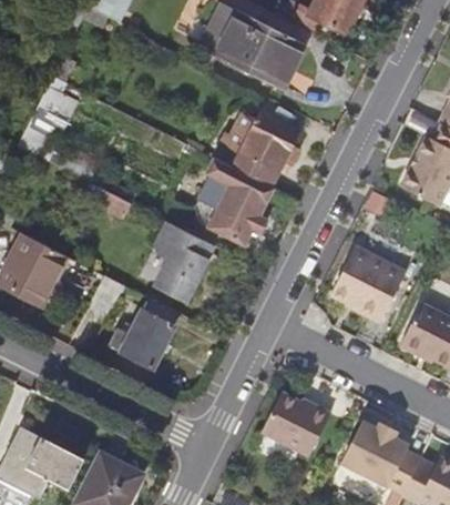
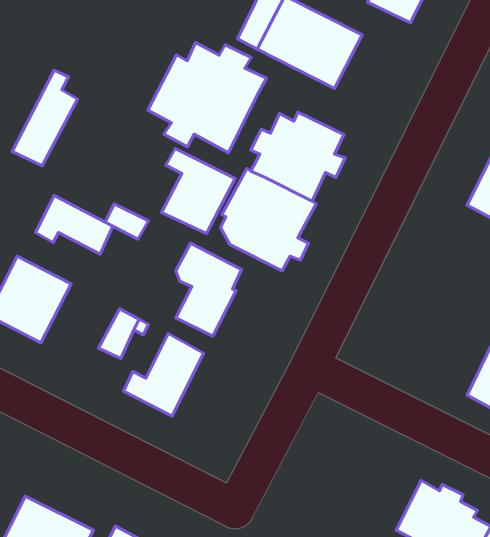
building: none -> [148,43,267,153]
building: none -> [161,149,235,234]
building: none -> [35,196,113,254]
building: [331,248,407,322] -> none
building: [260,392,331,456] -> none

